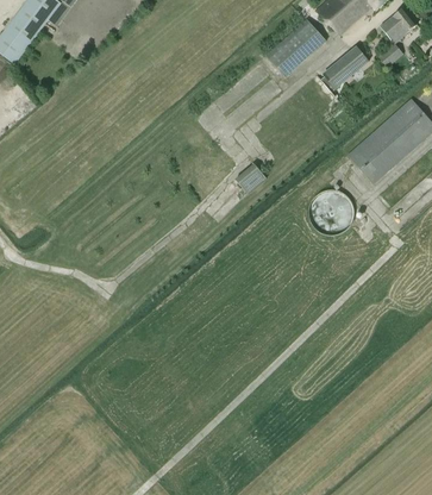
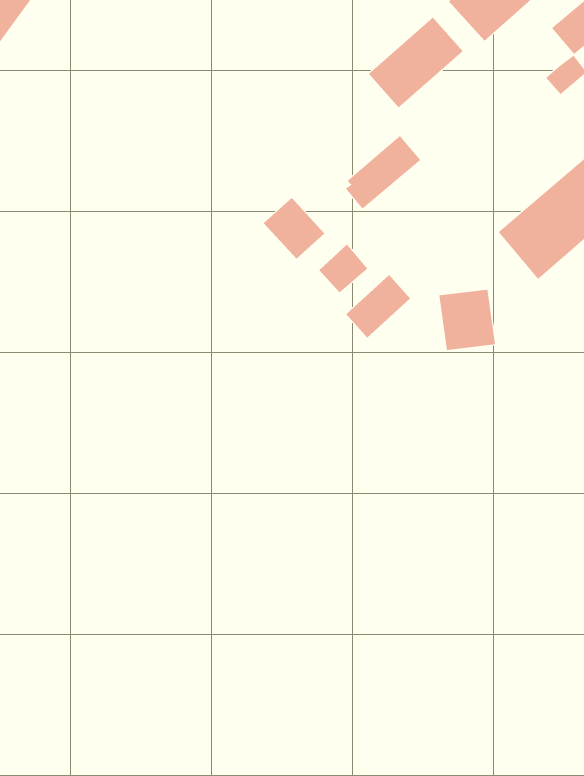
building: [321,45,369,92] -> [345,135,421,209]
building: none -> [263,197,325,260]
building: none -> [345,274,411,339]

